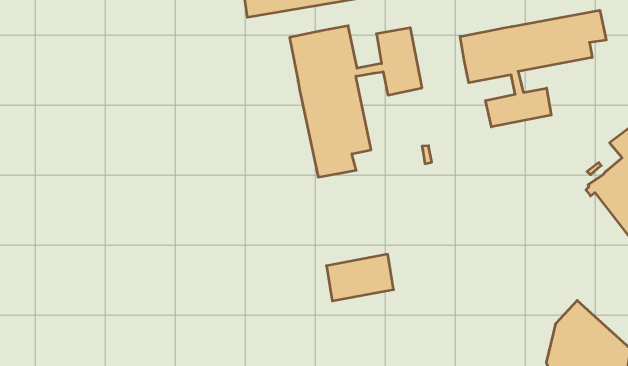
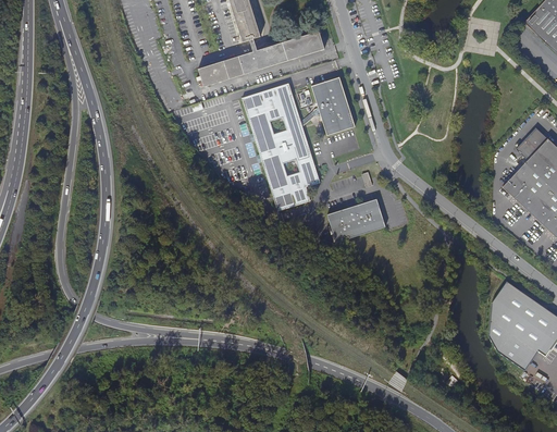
building: [460,10,606,127] -> none
building: [326,254,394,301] -> [327,197,385,242]

